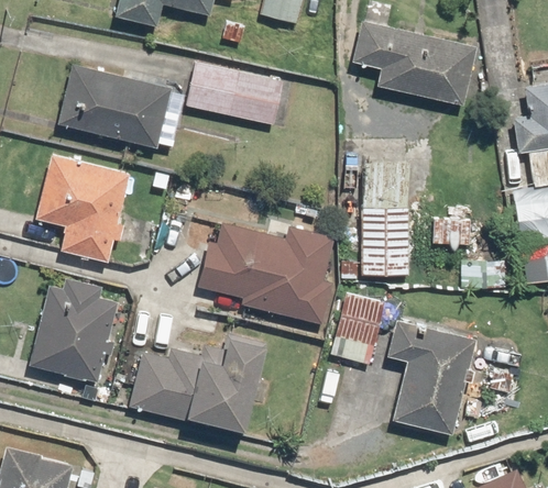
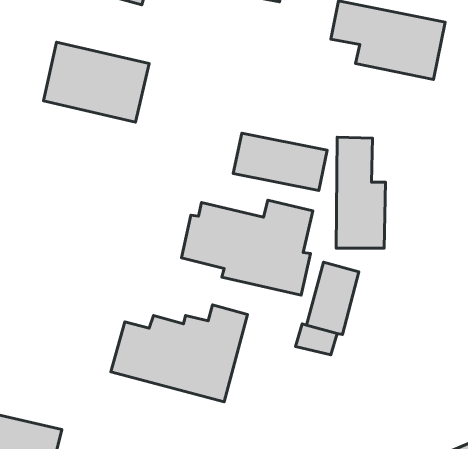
building: [186,63,283,122] -> [233,133,327,191]
building: [35,151,130,264] -> none
building: [29,276,117,382] -> none
building: [392,323,476,434] -> none

